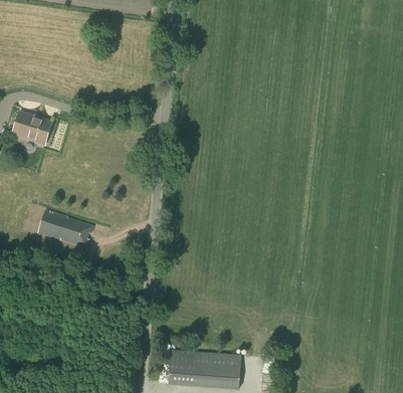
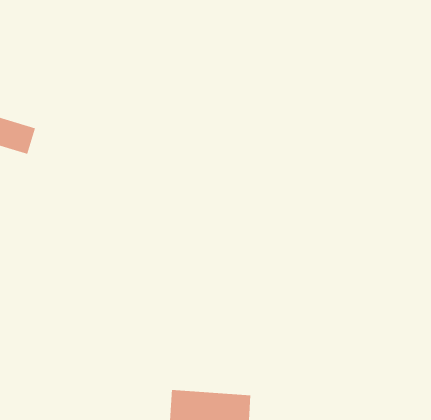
building: [38,210,91,245] -> none

